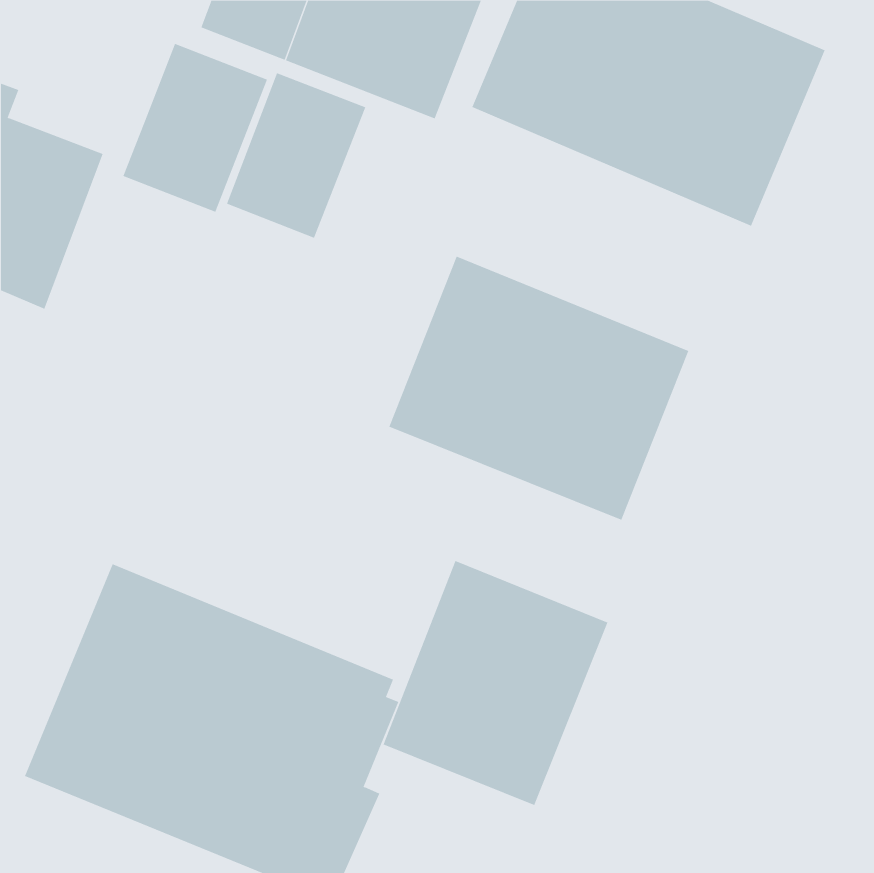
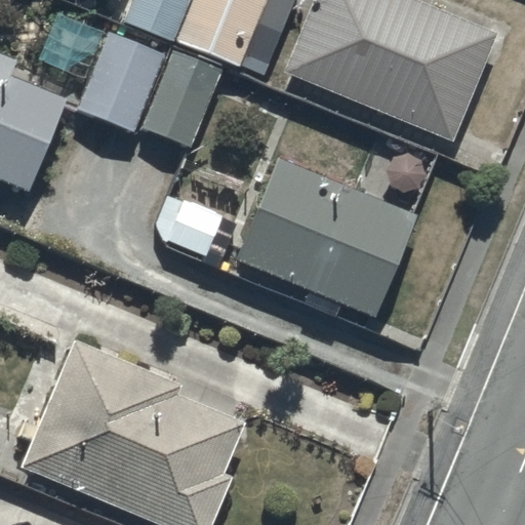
building: [383,560,608,806] -> none

